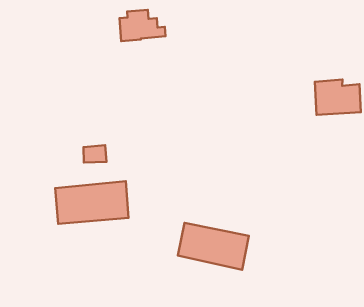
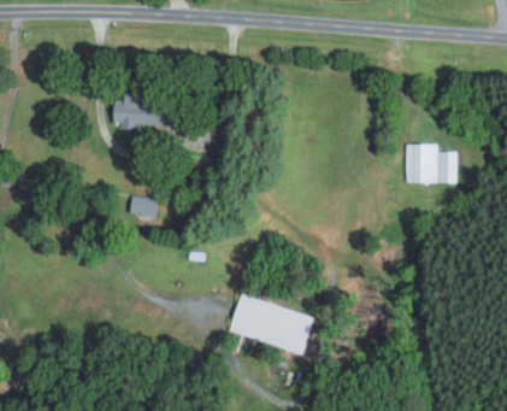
building: [119,10,166,41] -> [114,93,166,127]
building: [55,181,128,224] -> none

